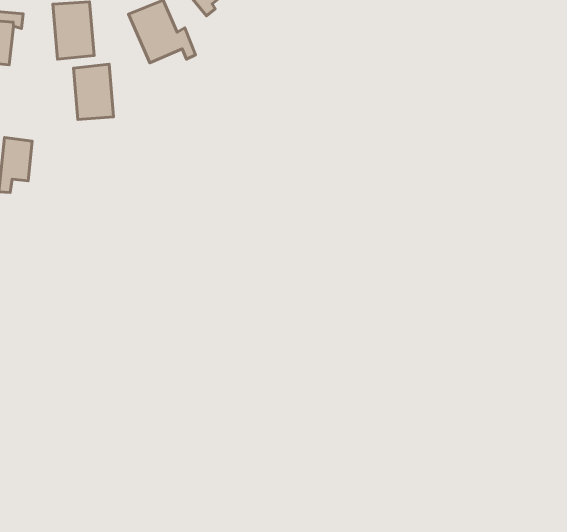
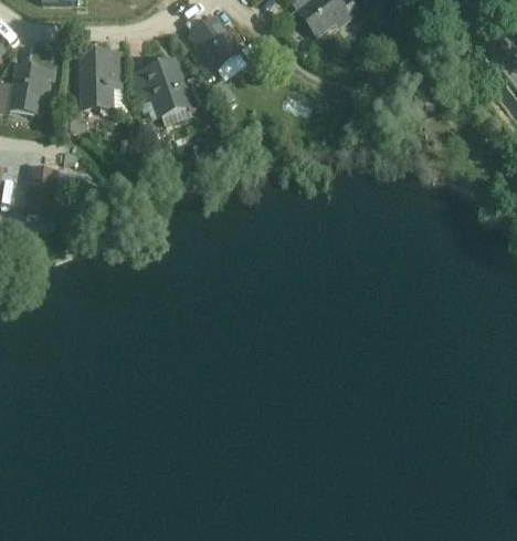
building: [74,64,114,120] -> none

